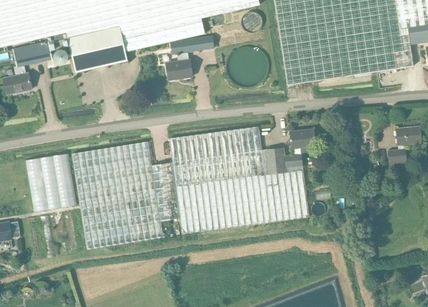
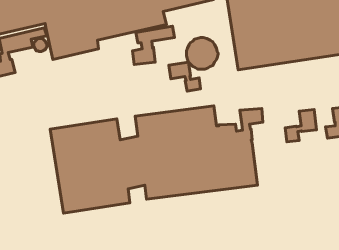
building: none -> [169,62,201,91]
building: none -> [285,109,317,142]
building: [26,152,77,211] -> none

